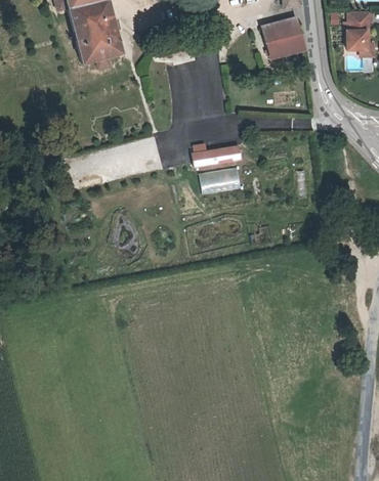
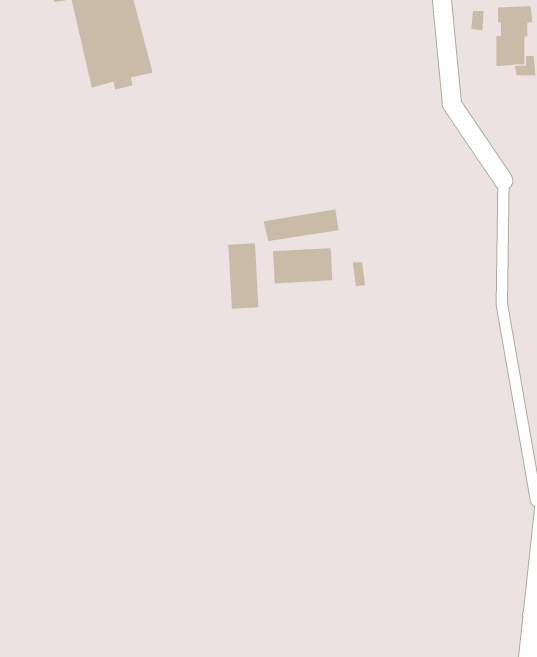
building: [264,19,307,61] -> none
building: none -> [228,243,259,310]

